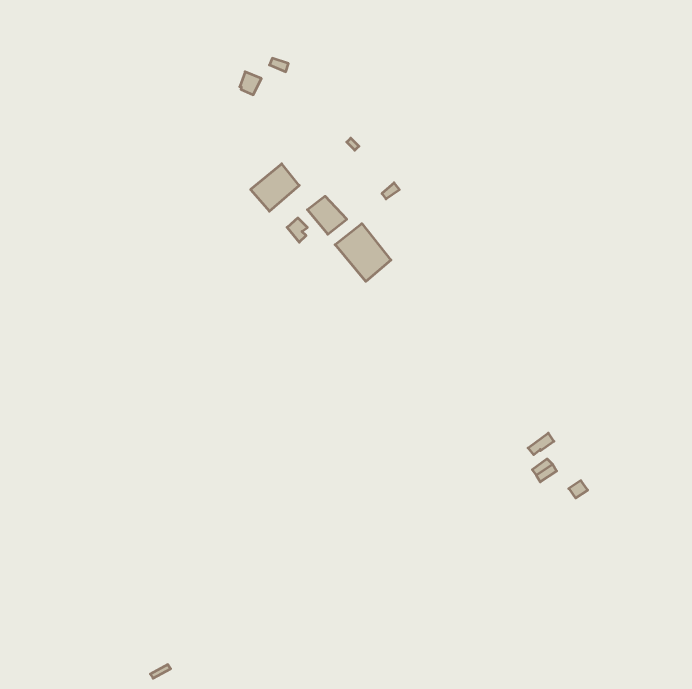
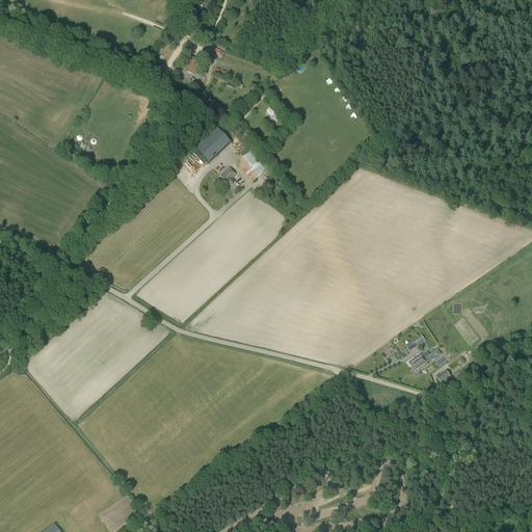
building: [335,224,391,281] -> none

